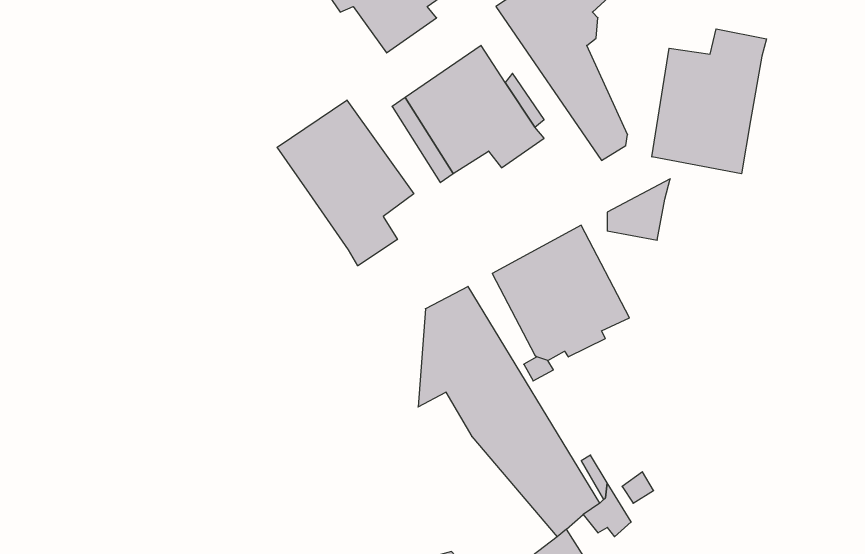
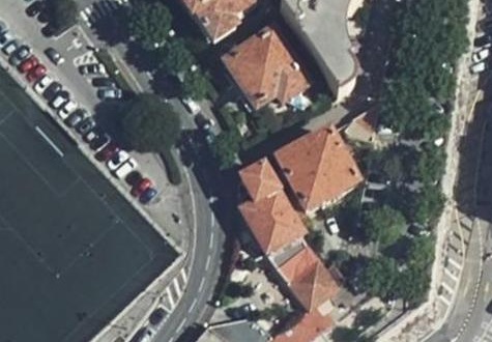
building: [652,29,767,174] -> none
building: [277,100,414,266] -> none

